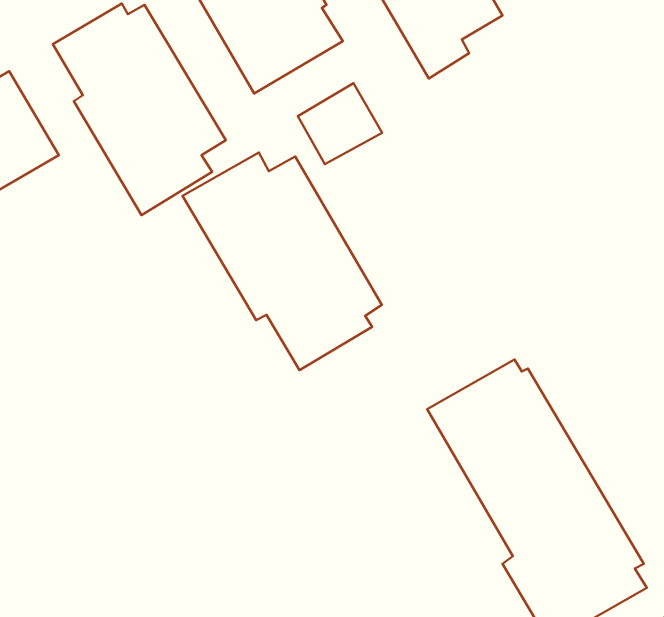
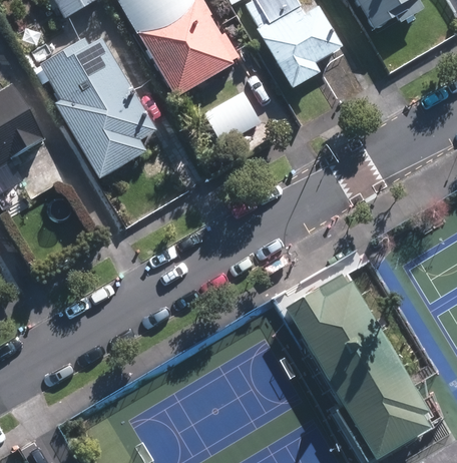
building: [182,153,382,370] -> none

